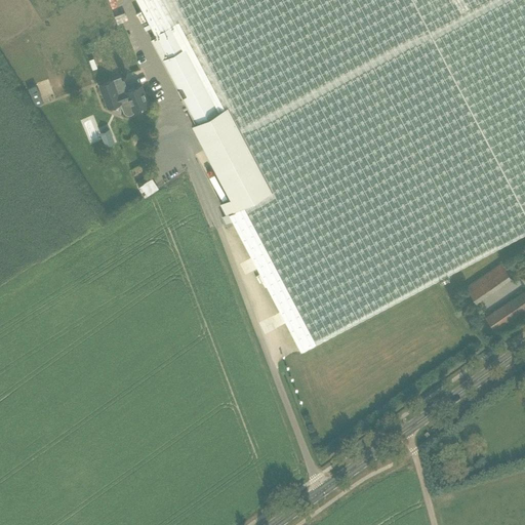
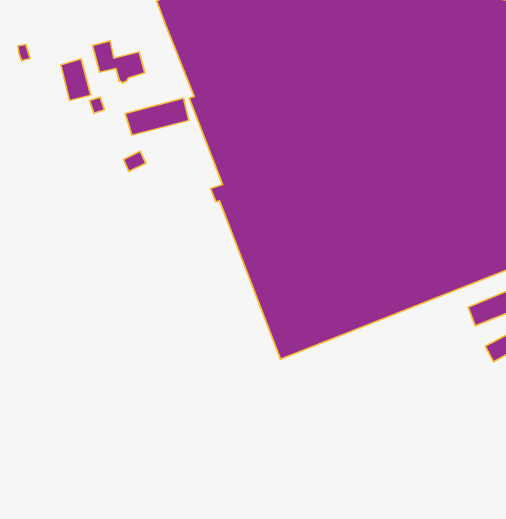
building: none -> [61,59,91,100]
building: none -> [125,98,189,135]

